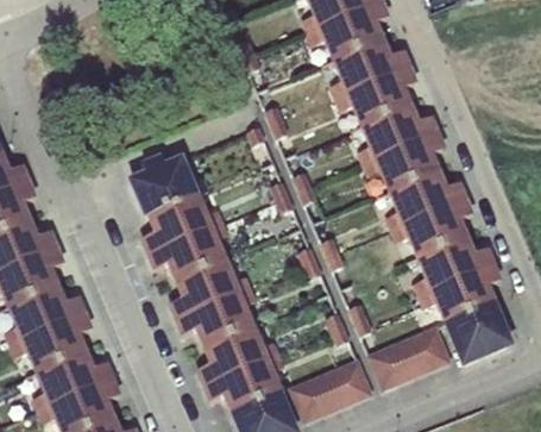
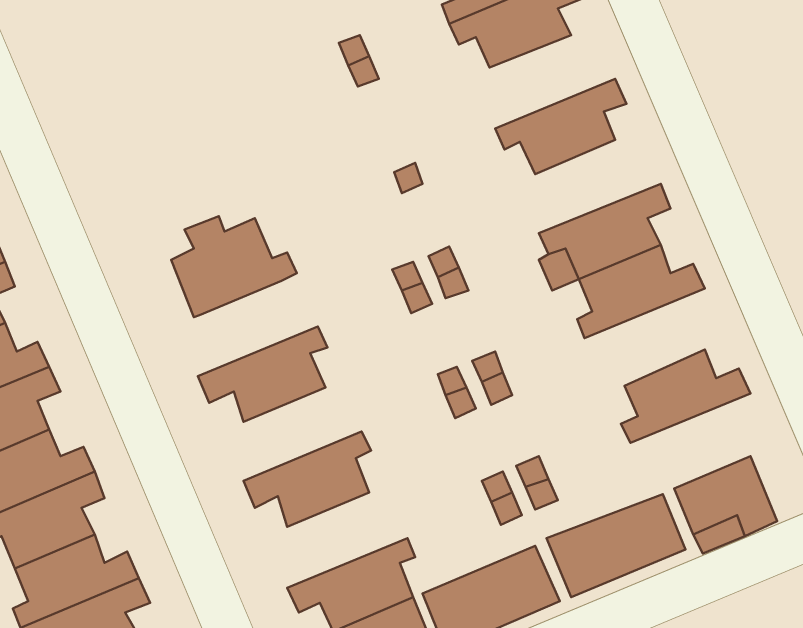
building: [329,38,409,96] -> none
building: [356,104,438,162] -> none
building: [143,192,224,251] -> none
building: [390,196,472,257] -> none
building: [170,258,251,317] -> none
building: [419,262,499,323] -> none
building: [199,324,279,383] -> none

